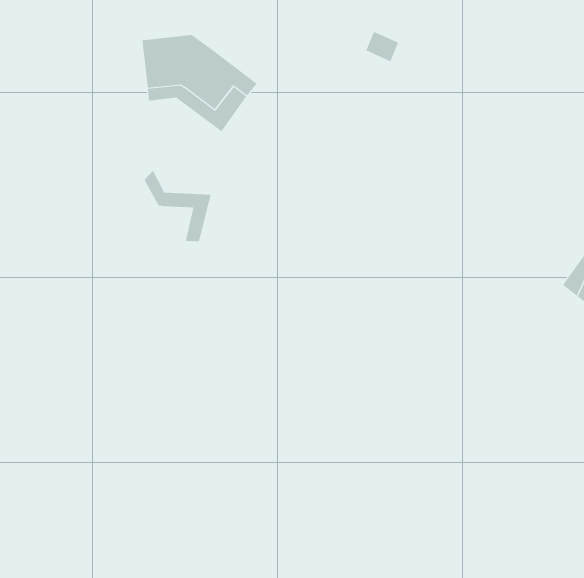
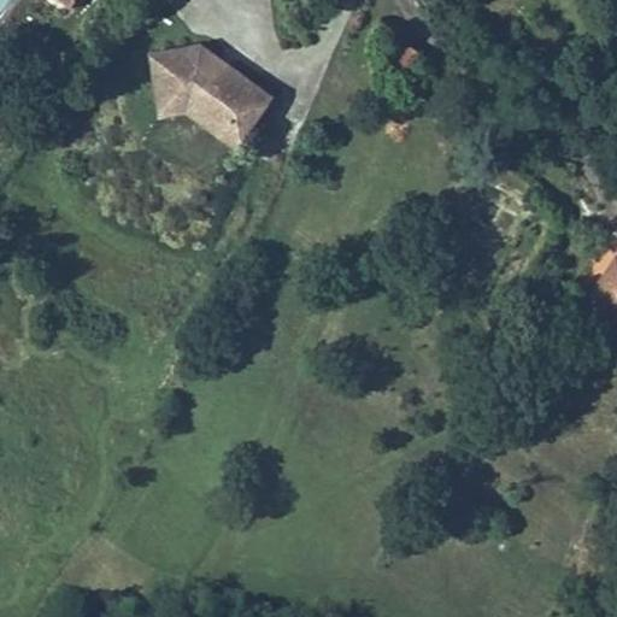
building: [144,170,211,242] -> none

